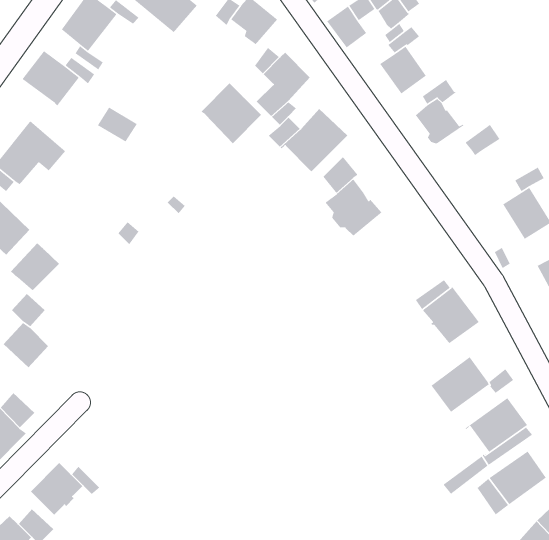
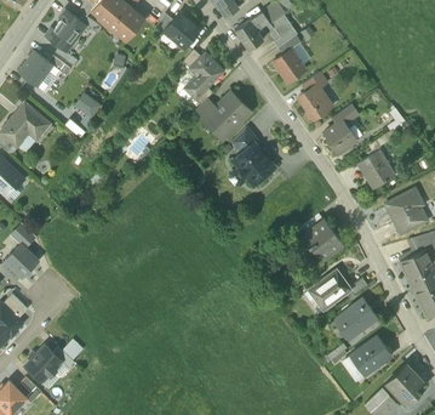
building: [200,83,262,144] -> none
building: none -> [324,123,355,153]
building: [10,243,60,291] -> none

